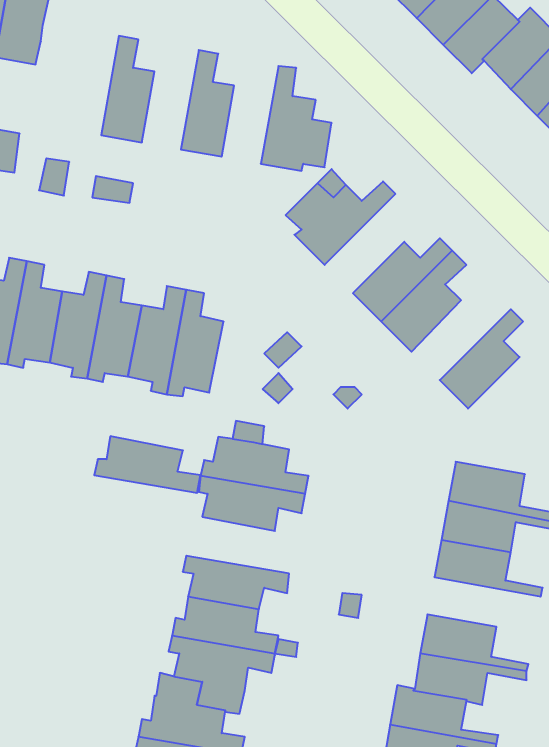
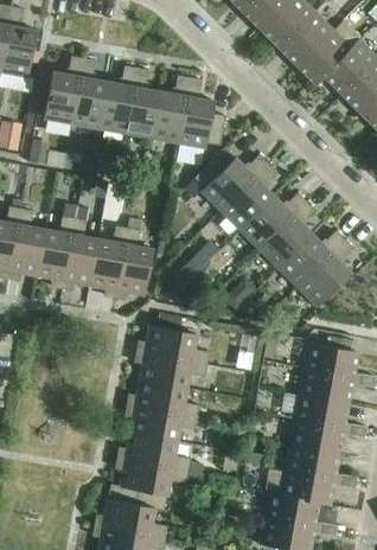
building: none -> [45,56,84,124]
building: none -> [100,66,138,134]
building: none -> [153,76,191,143]
building: none -> [222,164,277,230]
building: none -> [280,231,346,288]
building: [94,436,201,493] -> [129,379,200,417]
building: none -> [290,420,366,453]

